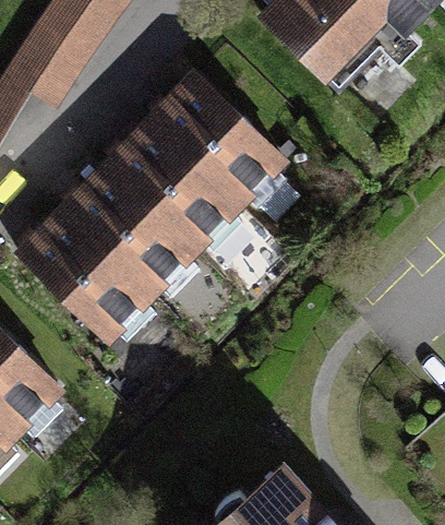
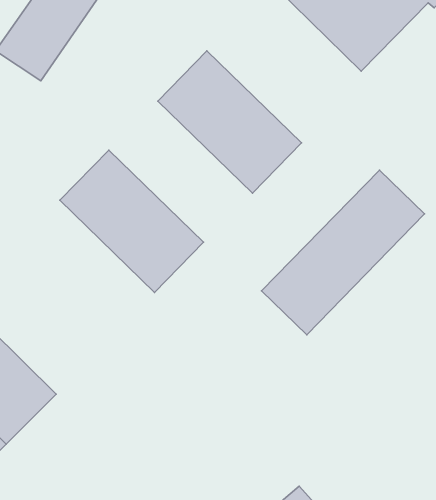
building: [108,118,239,247] -> none
building: none -> [262,170,425,335]
building: [19,208,149,337] -> none

